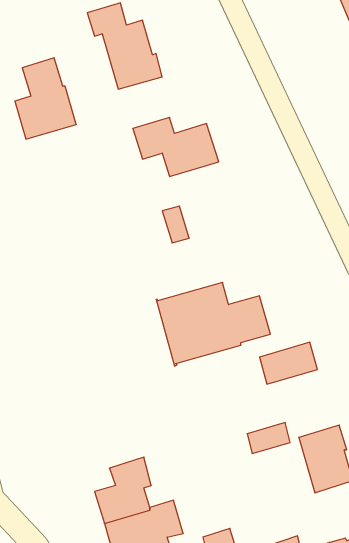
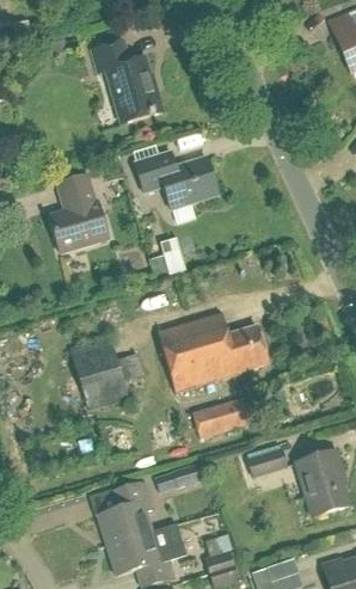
building: [15,58,76,139] -> [49,172,109,251]
building: none -> [69,333,141,409]
building: [260,342,317,384] -> [191,395,247,436]

